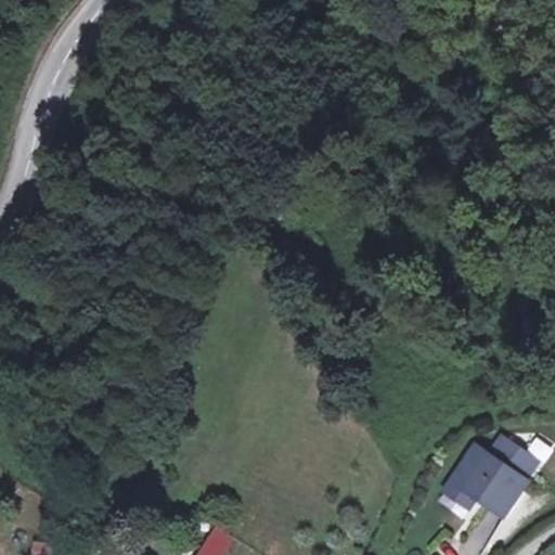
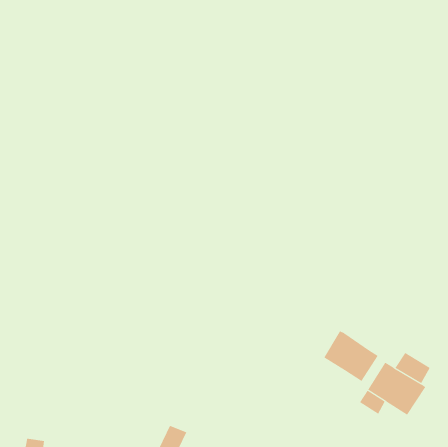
building: none -> [323,331,379,382]

